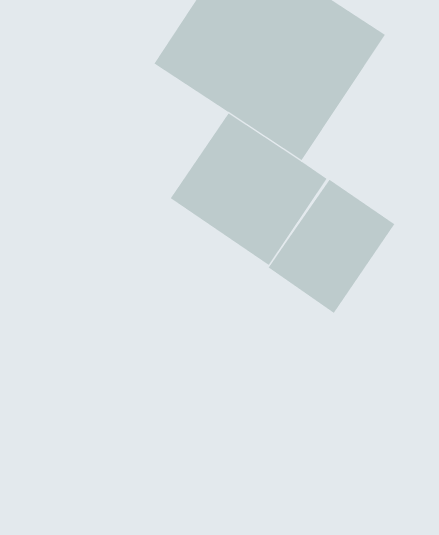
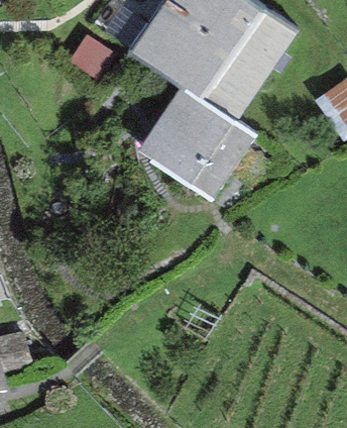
building: [268,179,395,314] -> none

